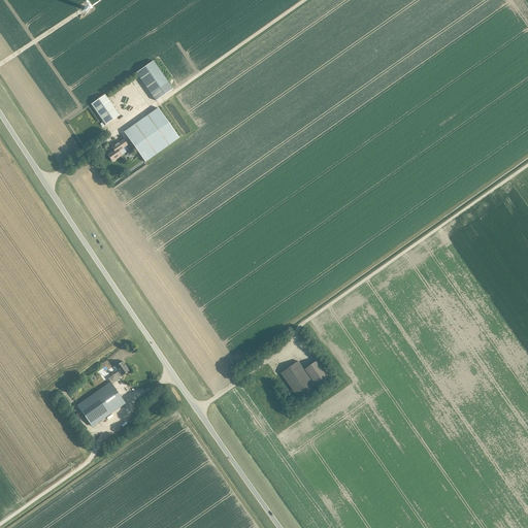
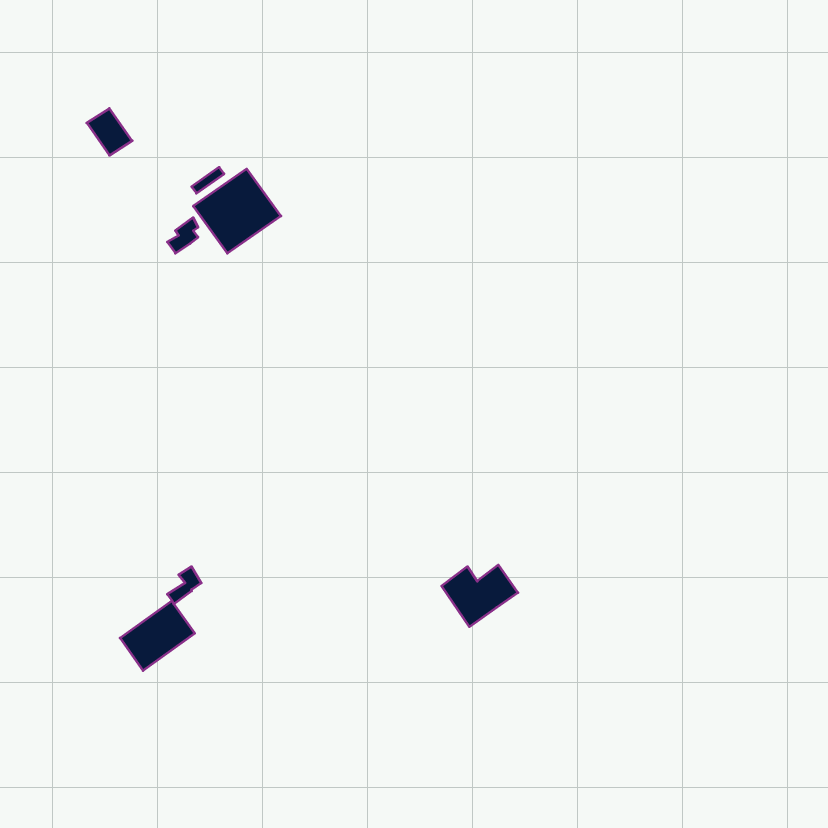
building: [135,60,172,100] -> none
building: [90,94,119,124] -> [87,108,132,155]

